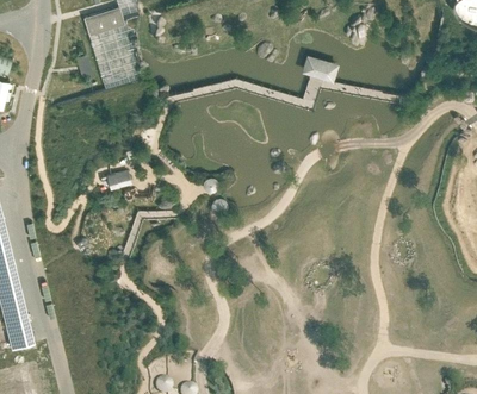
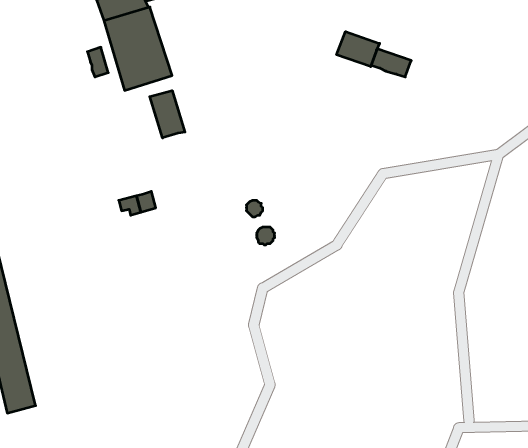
building: none -> [337,32,380,67]
building: none -> [150,91,185,138]

